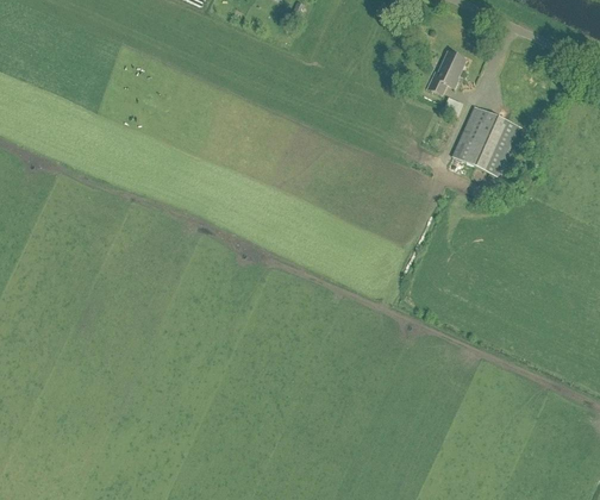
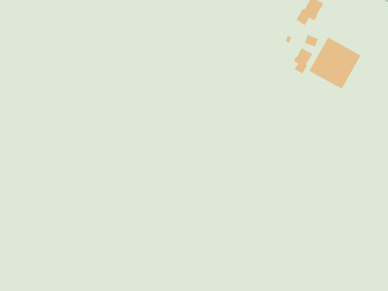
building: none -> [293,47,313,75]

